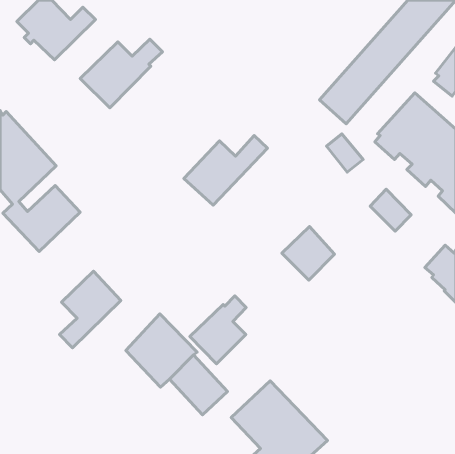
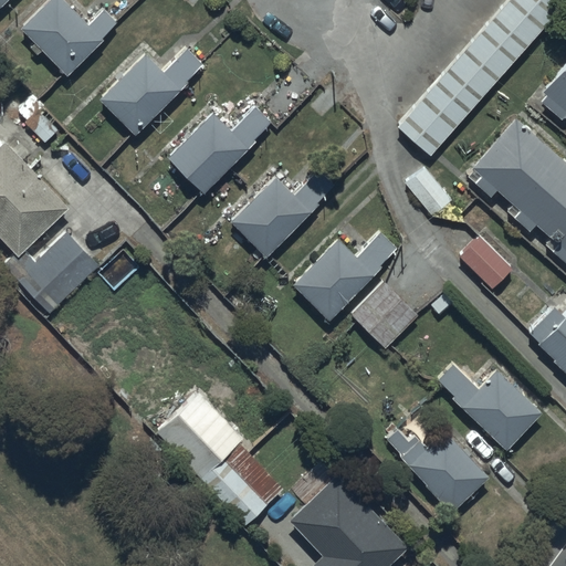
building: none -> [169,106,271,193]
building: none -> [292,233,395,322]
building: [60,271,121,348] -> none
building: none -> [438,365,541,452]
building: [190,296,246,364] -> none
building: none -> [386,413,488,513]

